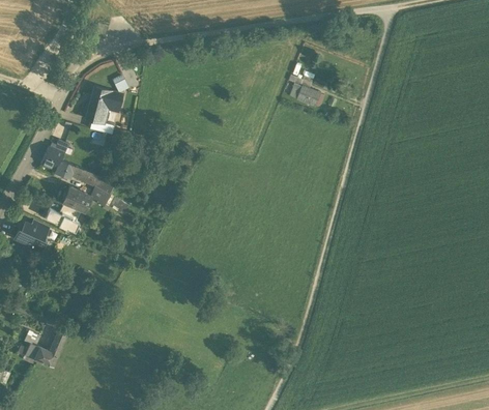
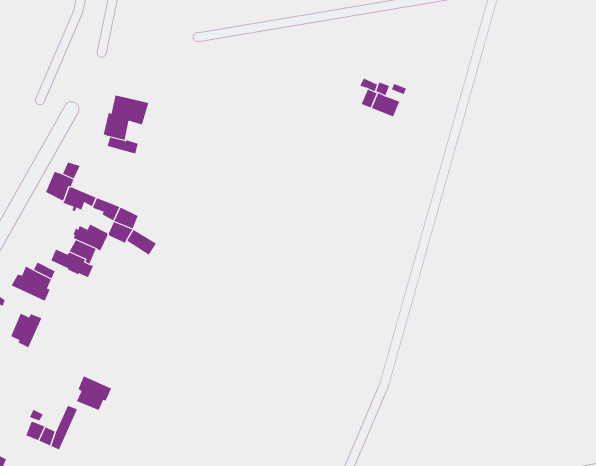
building: none -> [11,313,42,348]
building: none -> [76,375,112,411]

